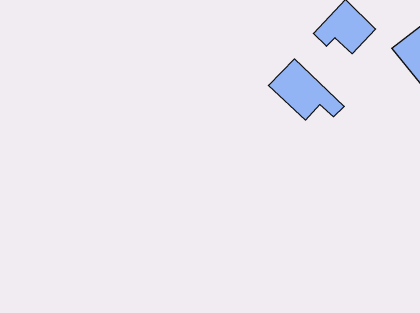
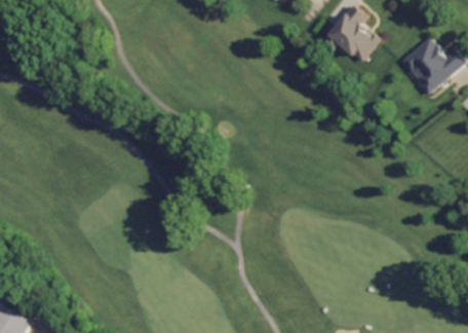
building: [268,59,344,120] -> none

